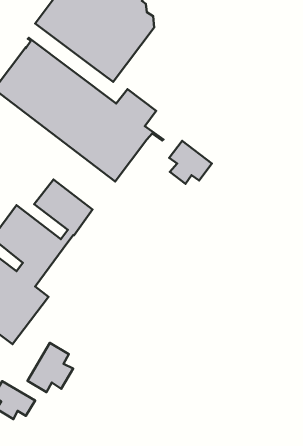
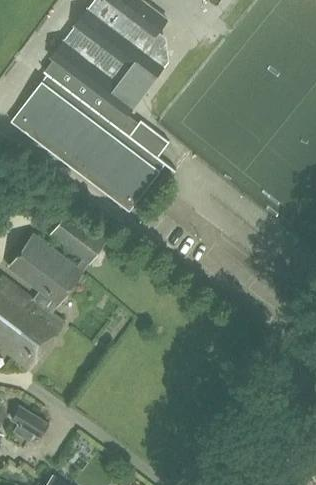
building: [169,141,212,184] -> none
building: [27,343,73,392] -> none

